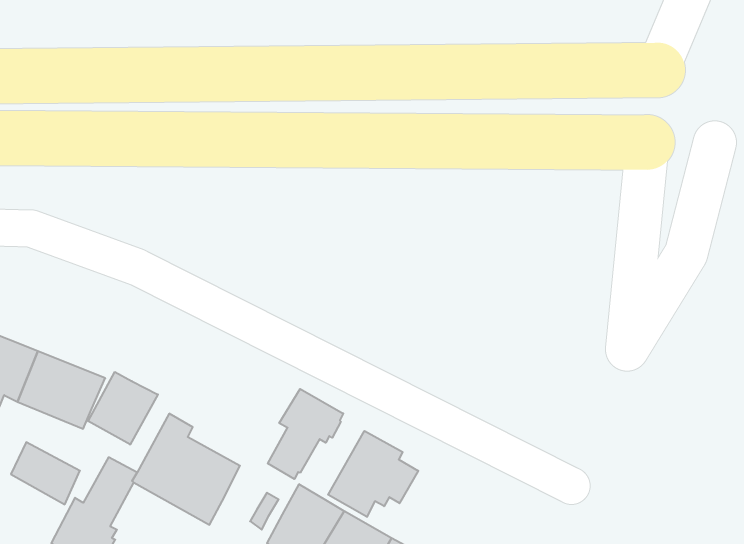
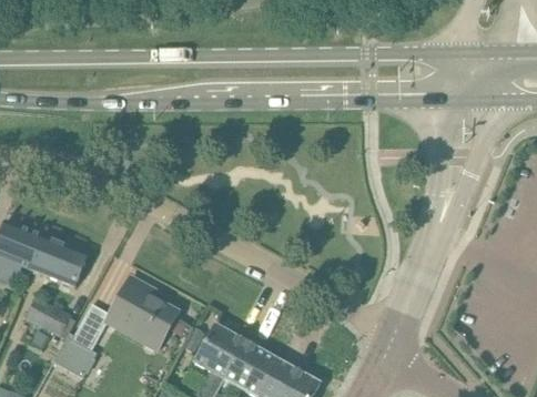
building: [88,372,158,445] -> none
building: [268,389,343,479] -> none
building: [328,431,418,517] -> none

